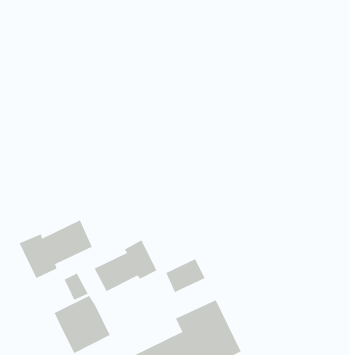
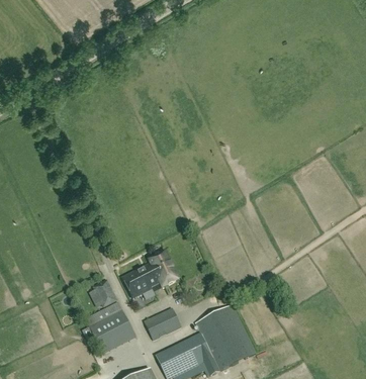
building: [19,219,93,279] -> none
building: [165,258,205,293] -> [144,308,180,340]

